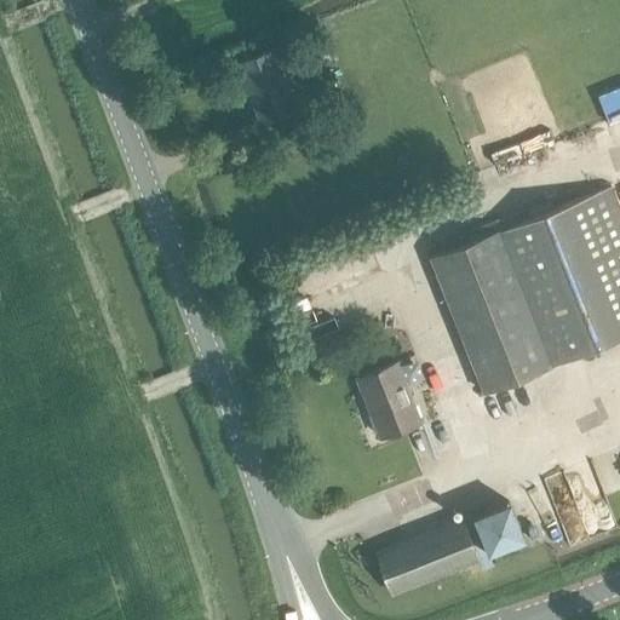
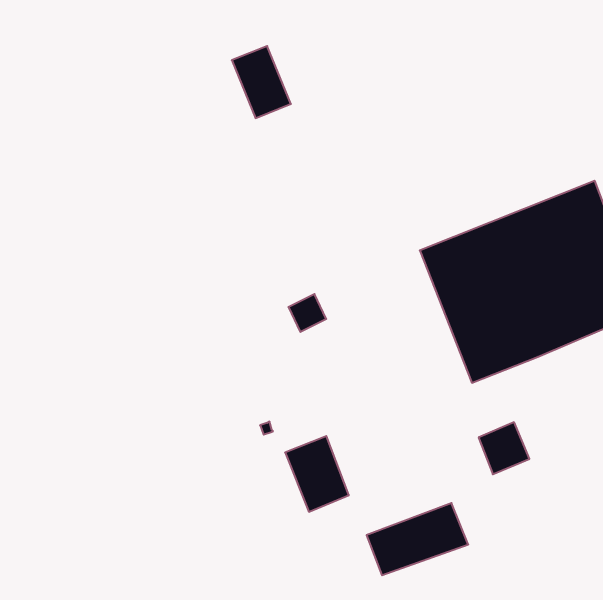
building: [357,363,423,441] -> [285,436,349,512]
building: [473,504,526,557] -> [479,422,529,474]

